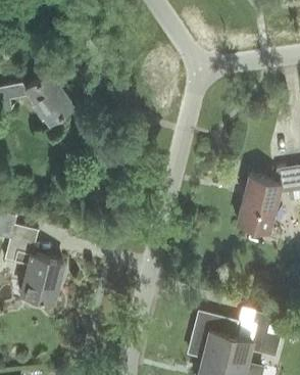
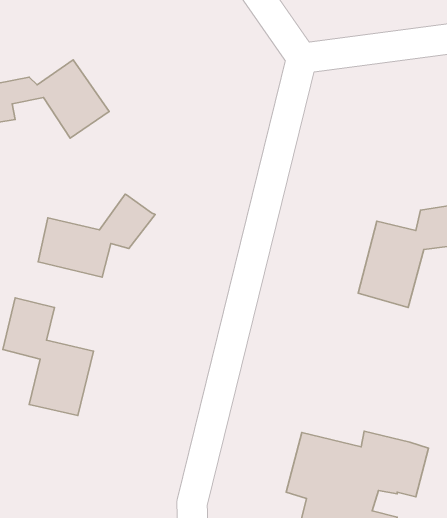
building: none -> [38,194,155,277]

